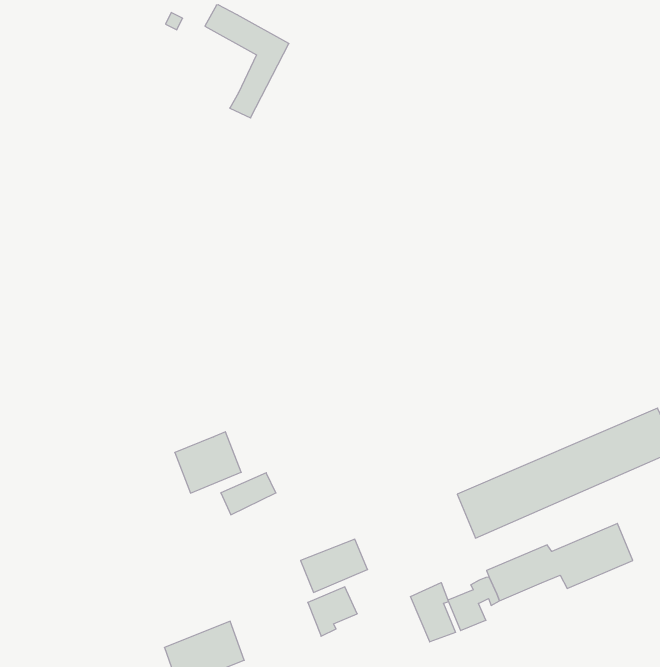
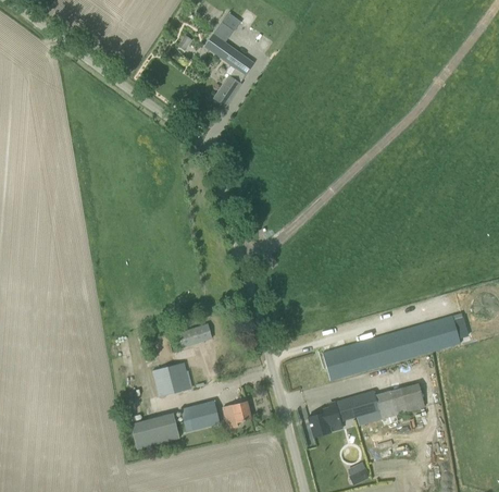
building: [175,432,241,493] -> [152,362,191,397]
building: [301,539,368,592] -> [180,402,221,431]
building: [411,583,455,642] -> none

